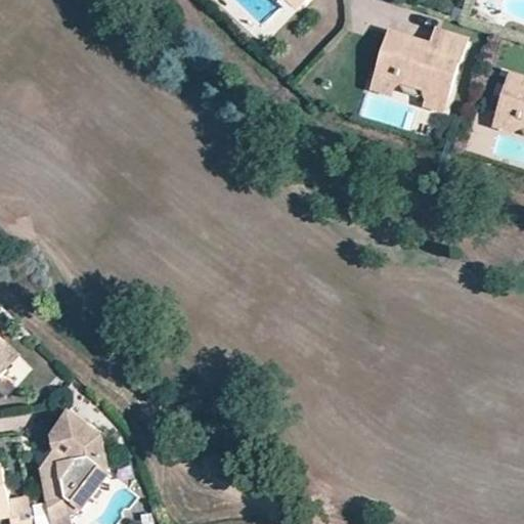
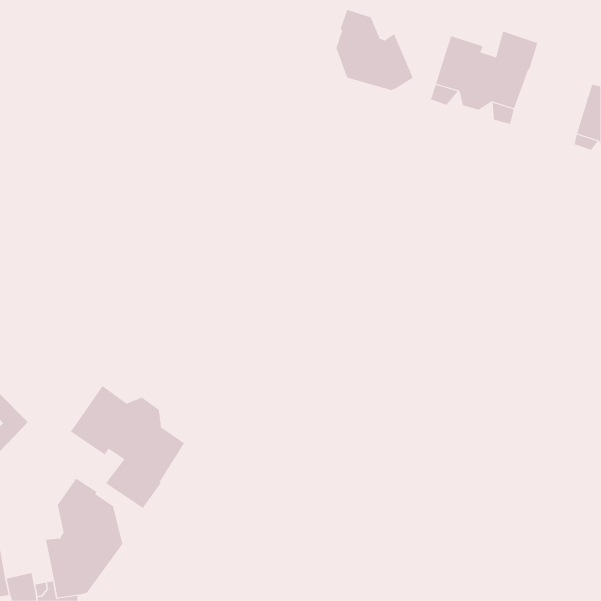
building: none -> [336,9,414,91]
building: none -> [70,385,185,509]

